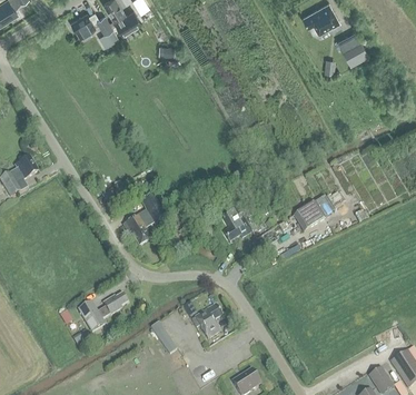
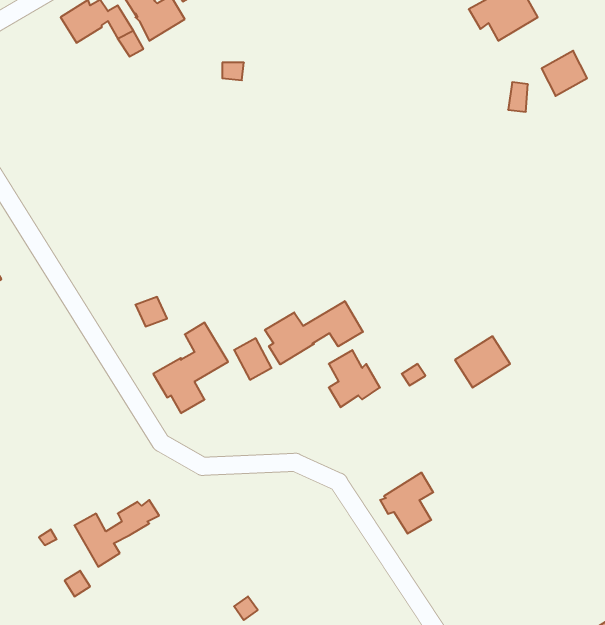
building: none -> [265,301,363,364]
building: [191,303,221,337] -> [380,473,433,534]

